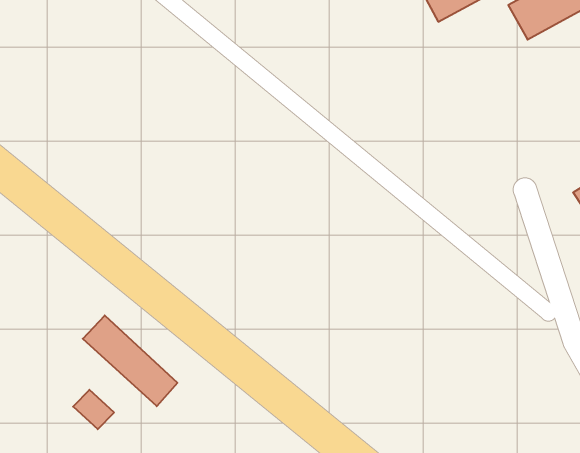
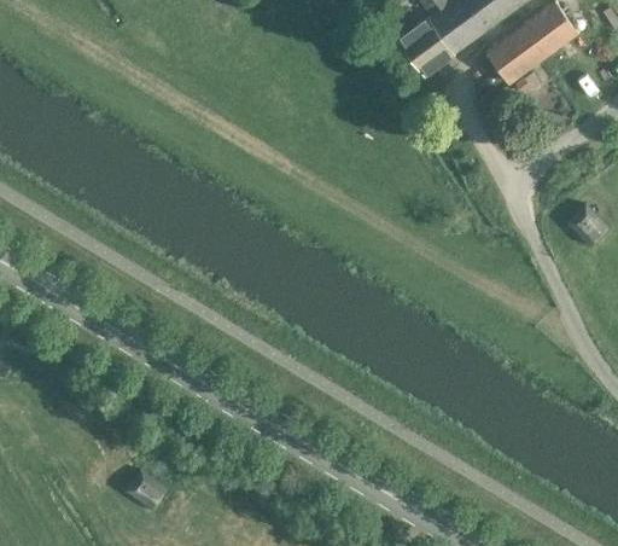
building: [83,315,177,406] -> none

